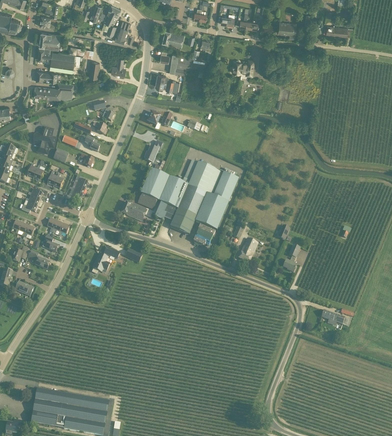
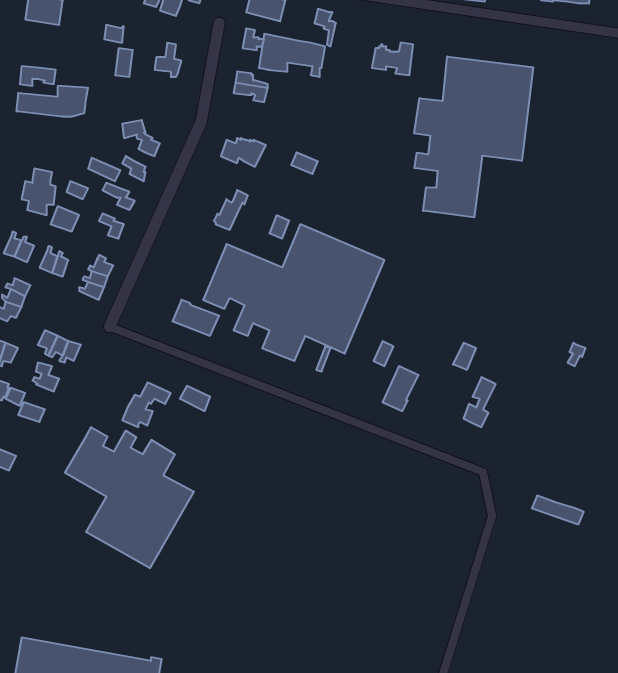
building: [37,47,80,71] -> none
building: none -> [414,56,533,217]
building: none -> [65,427,194,568]

